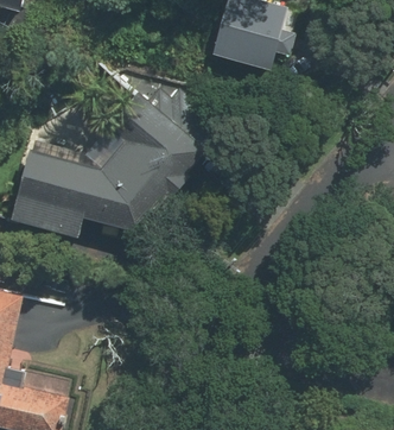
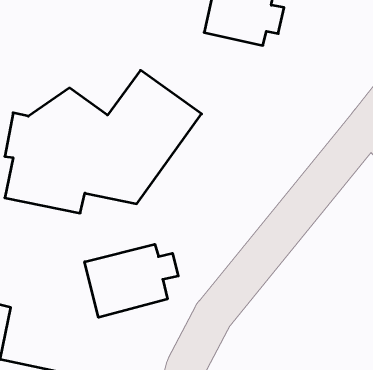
building: none -> [85,244,178,317]

